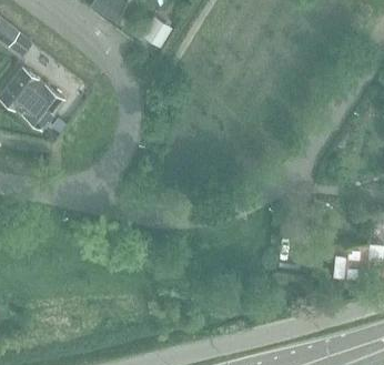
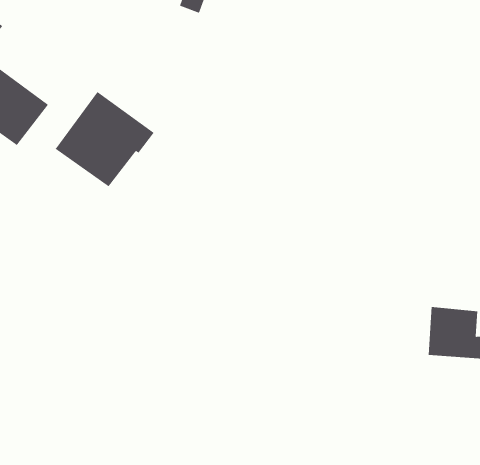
building: none -> [55,91,154,187]

